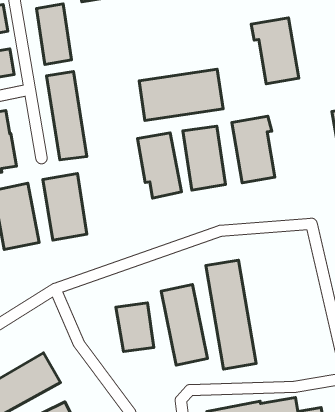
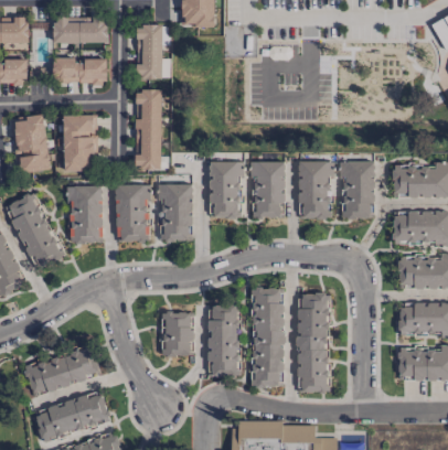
building: [251,18,299,84] -> [339,161,374,218]
building: [139,69,223,120] -> none
building: none -> [157,184,192,242]
building: none -> [297,293,329,392]

